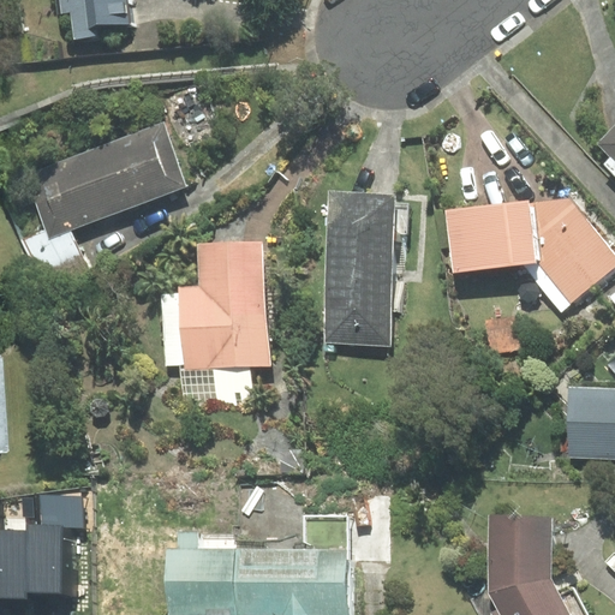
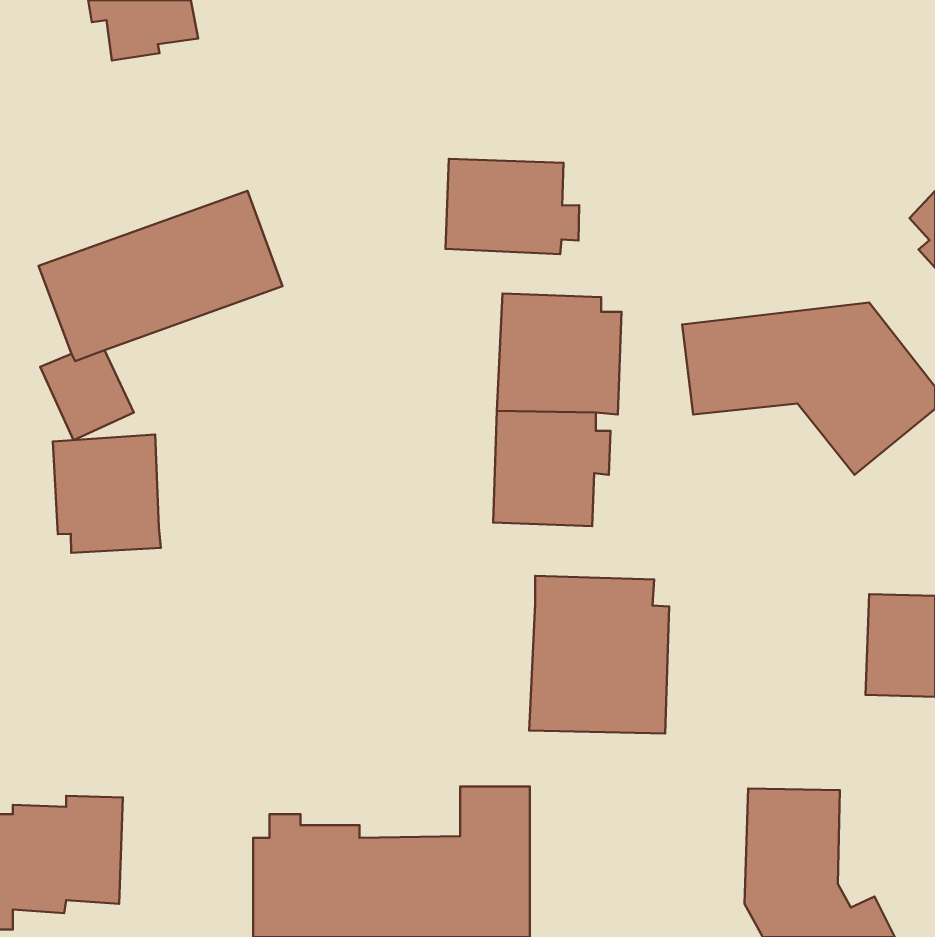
building: none -> [445,159,579,254]
building: [162,240,269,411] -> none
building: none -> [53,435,161,553]
building: none -> [529,576,669,733]

